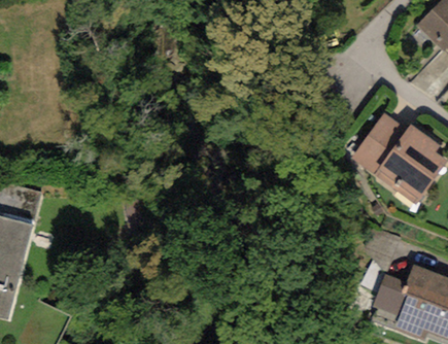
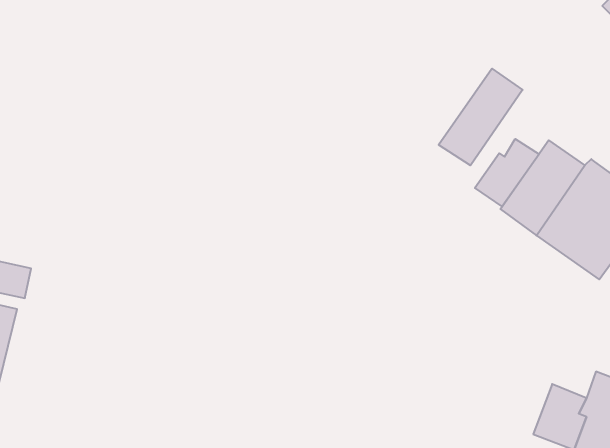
building: none -> [439,69,523,165]
building: none -> [475,139,539,207]

